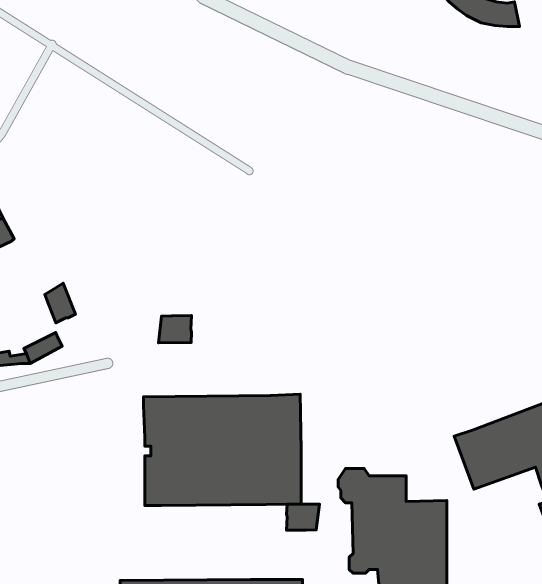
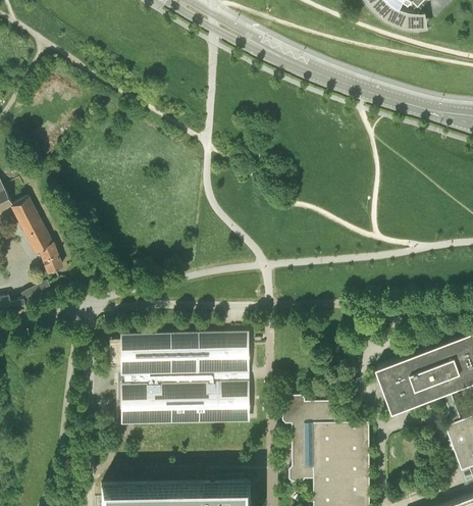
building: none -> [10,196,53,252]
building: [159,316,192,343] -> none
building: [286,504,319,530] -> none

